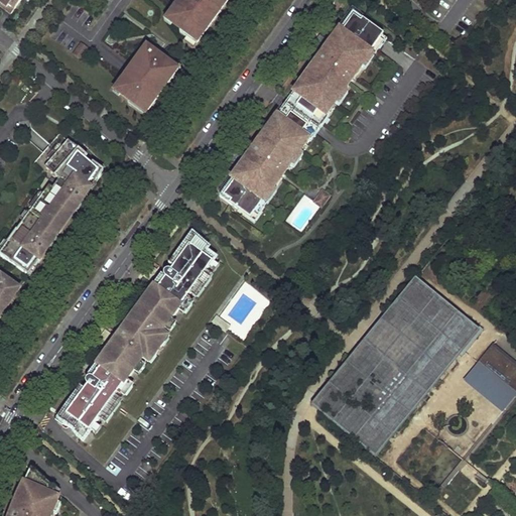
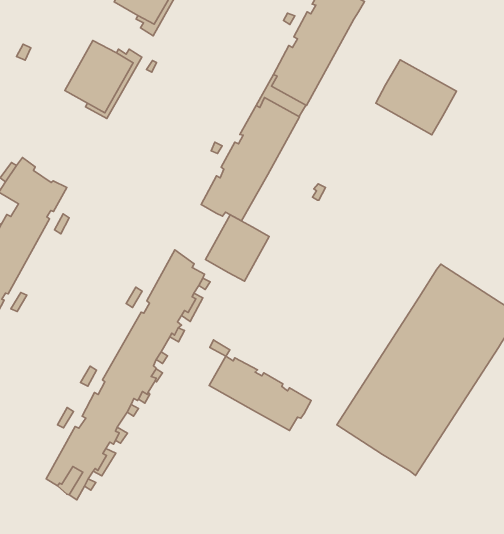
building: none -> [376,60,457,135]
building: none -> [206,215,269,281]
building: none -> [209,356,311,431]

